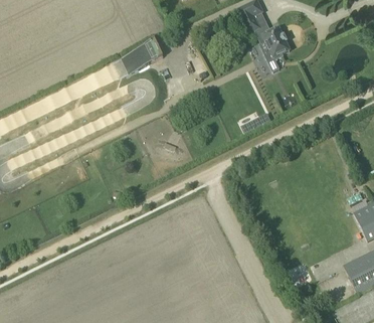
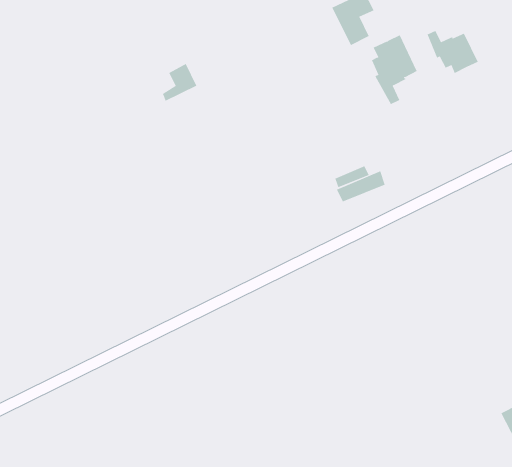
building: none -> [427,30,478,74]

